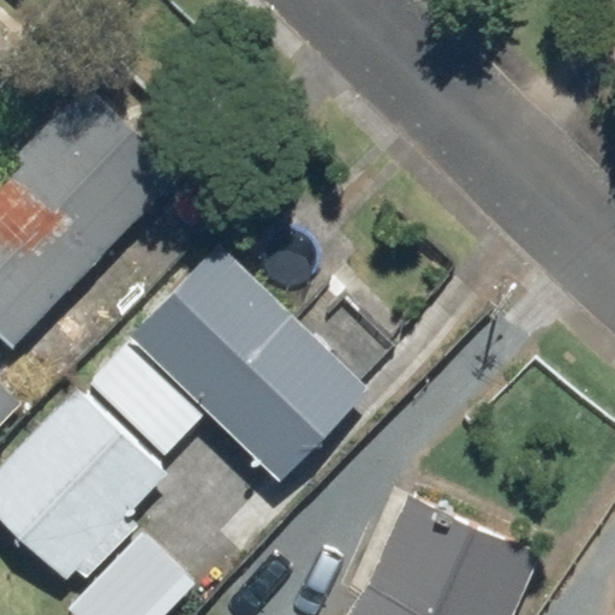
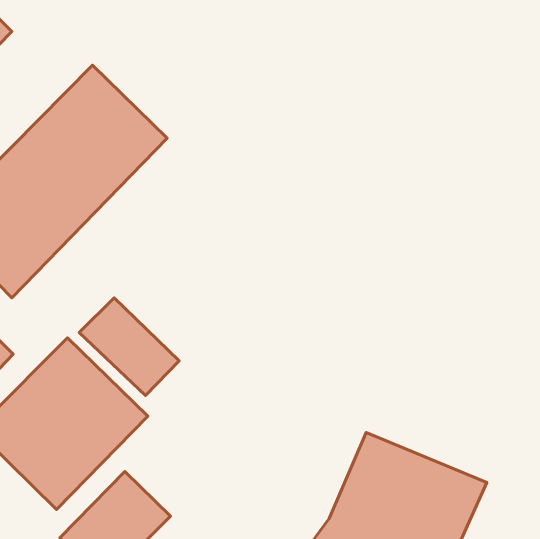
building: [132,246,365,478] -> none

